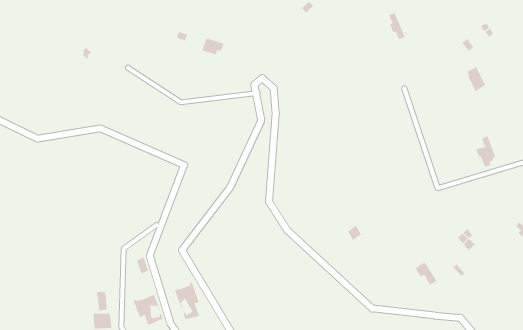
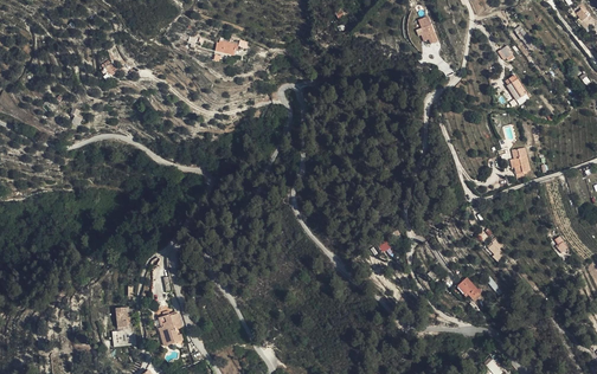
building: [174,282,200,320] -> none

